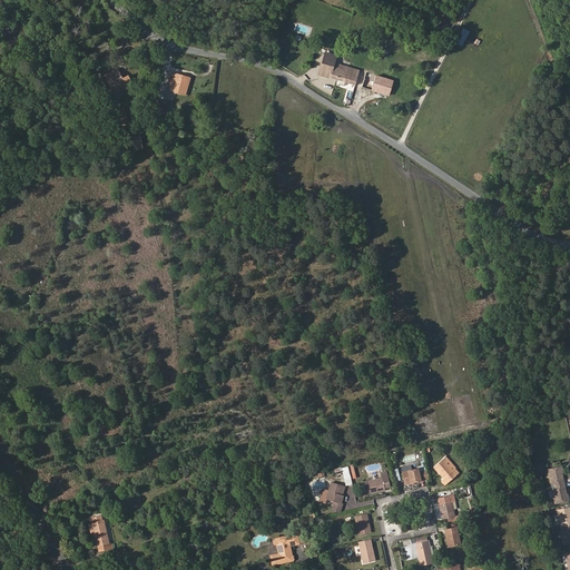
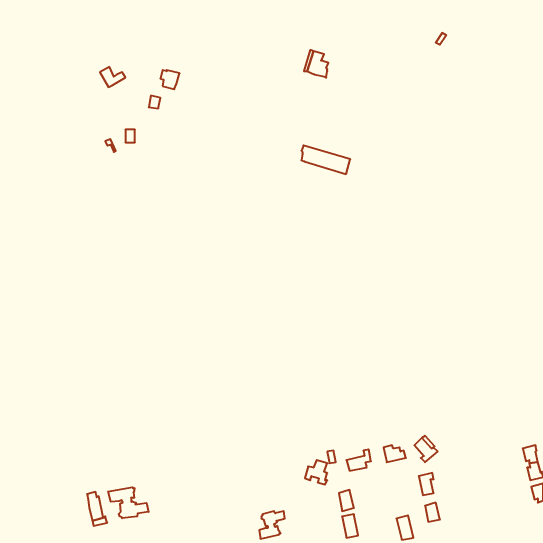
building: [342,66,393,96] -> [301,145,350,174]
building: none -> [108,487,149,518]

